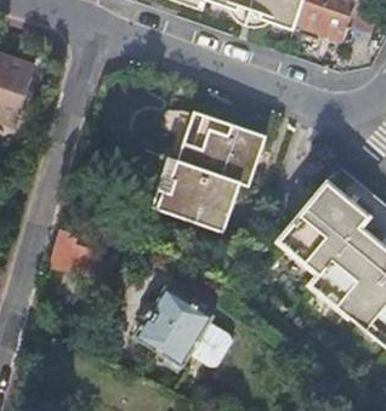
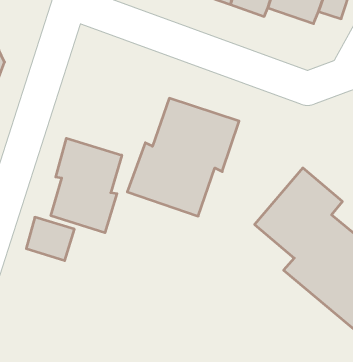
building: none -> [51,138,122,233]
building: [135,285,232,366] -> none

